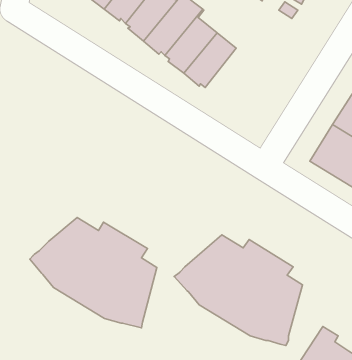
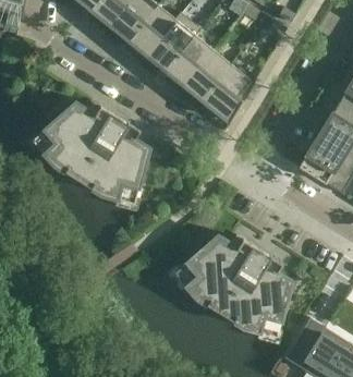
building: none -> [202,62,252,121]
building: [30,217,157,328] -> [32,100,148,202]

